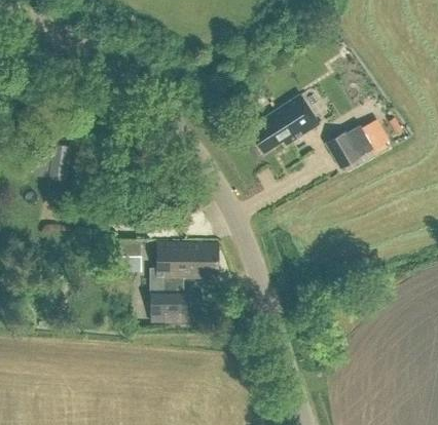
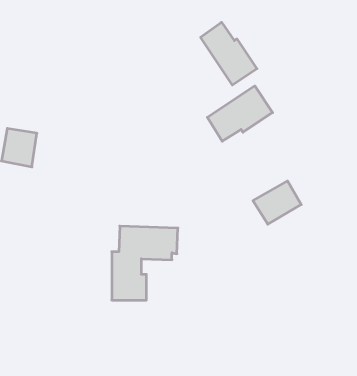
building: none -> [201,22,257,85]
building: [326,122,376,167] -> [253,181,301,224]

